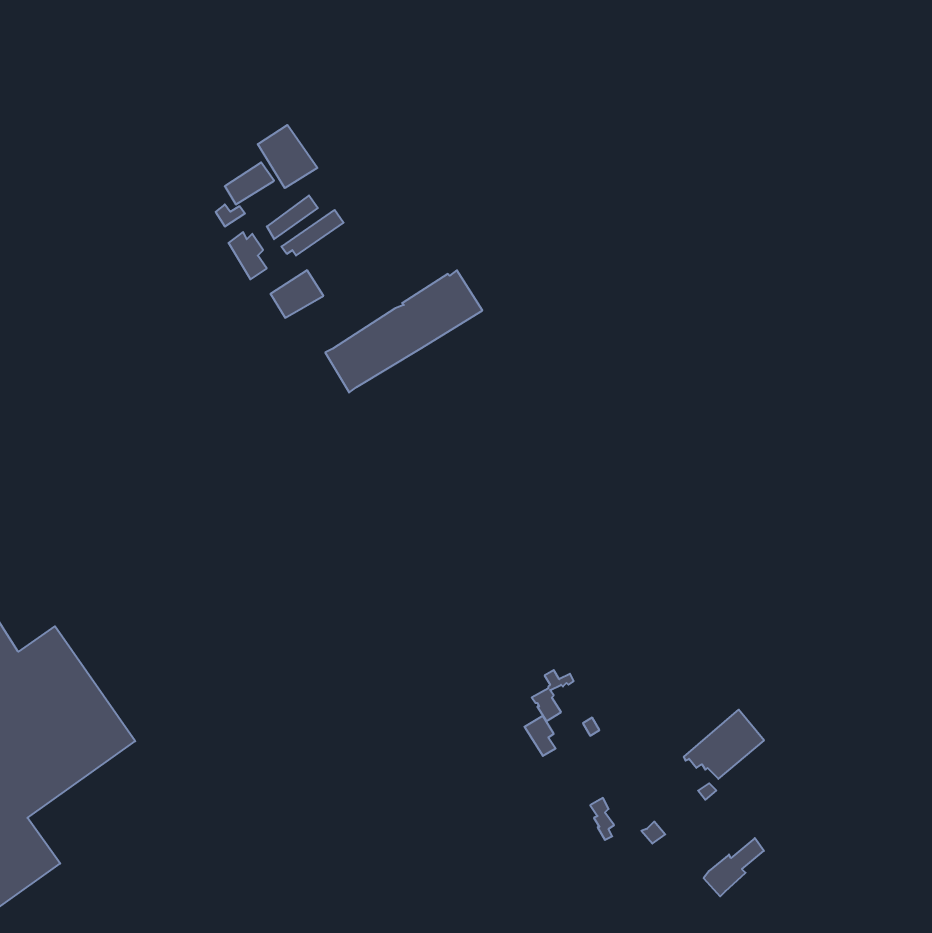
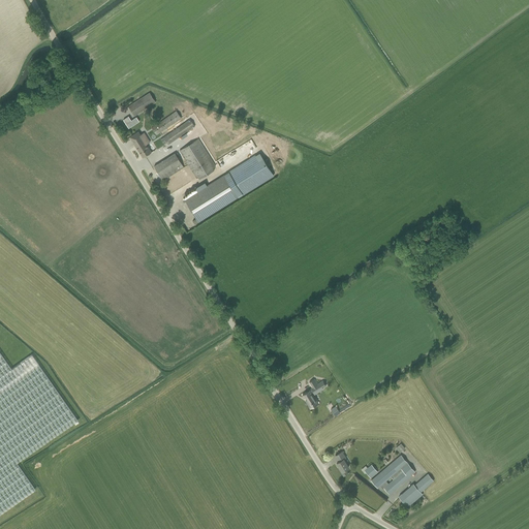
building: [258,125,317,188] -> none
building: none -> [179,138,214,179]
building: [684,710,764,779] -> [369,455,414,494]

